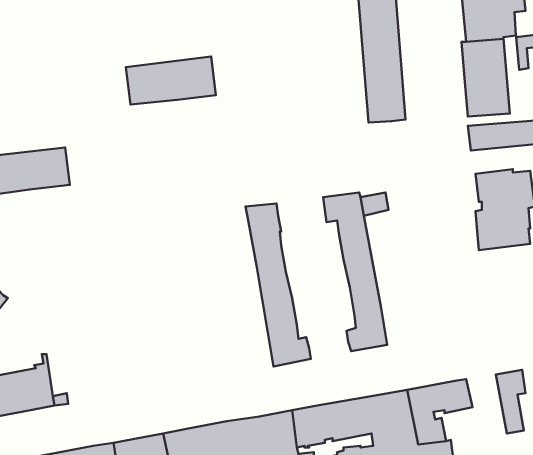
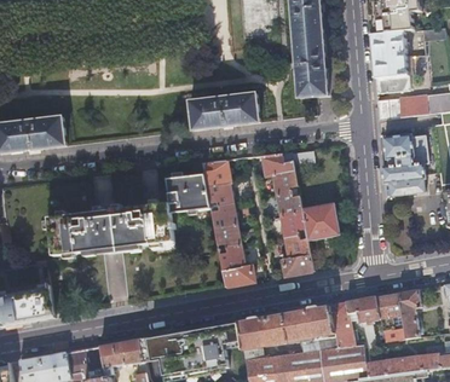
building: [126,56,216,105] -> [189,92,259,129]
building: none -> [47,174,210,256]
building: none -> [301,202,340,239]
building: none -> [374,293,405,341]

